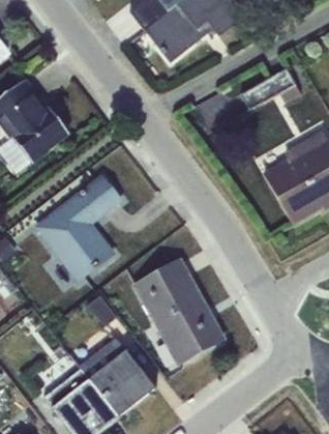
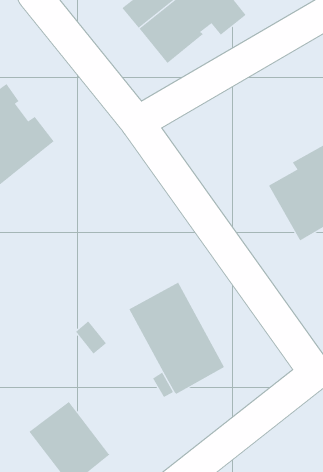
building: [240,67,301,110] -> none
building: [36,176,120,283] -> none
building: [80,338,156,416] -> none

